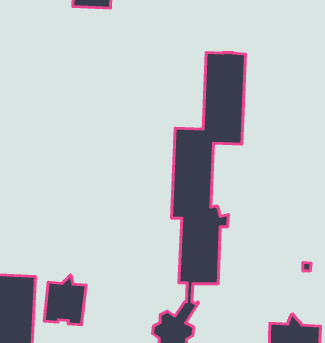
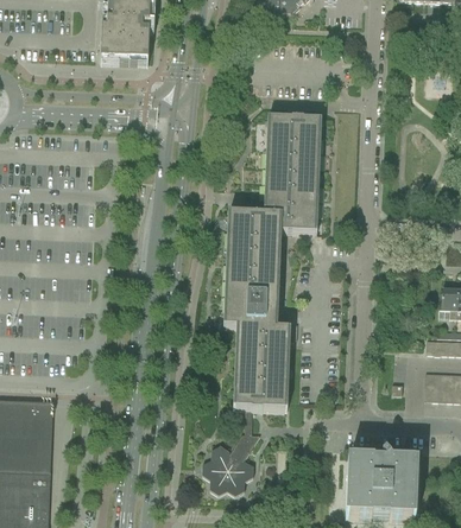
building: [44,275,86,325] -> none

